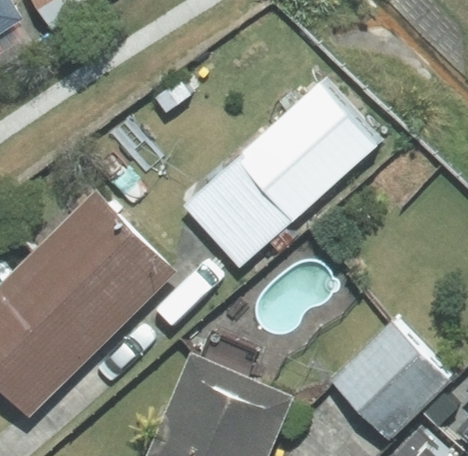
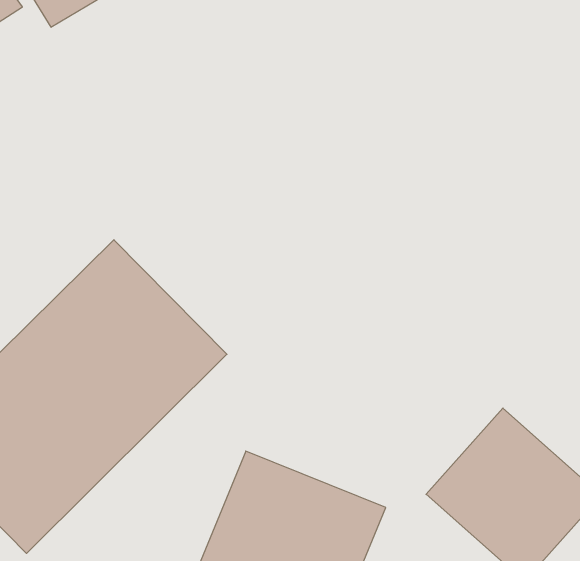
building: [249,80,380,207] -> none
building: [181,152,297,268] -> none

